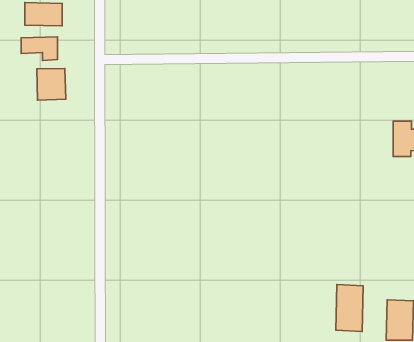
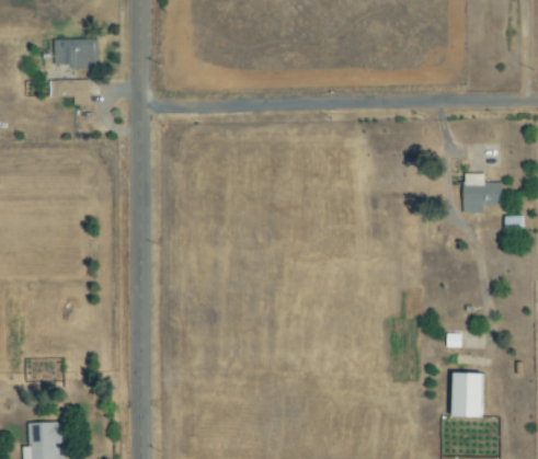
building: [37,69,66,100] -> none
building: [336,285,363,332] -> none

